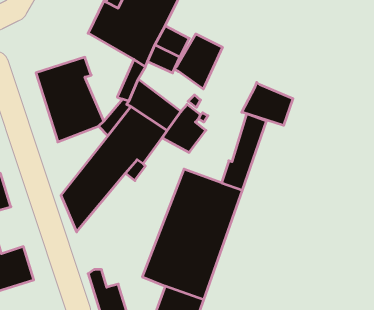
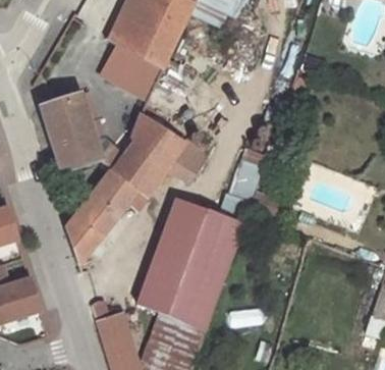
building: [174,34,222,89] -> none
building: [242,82,293,125] -> none

